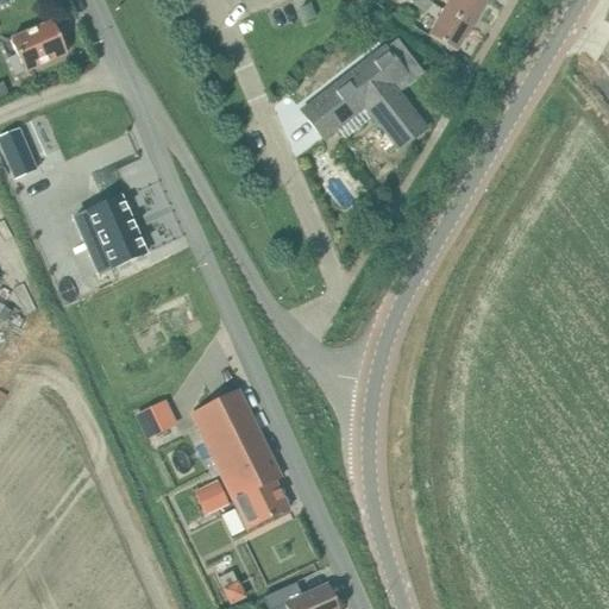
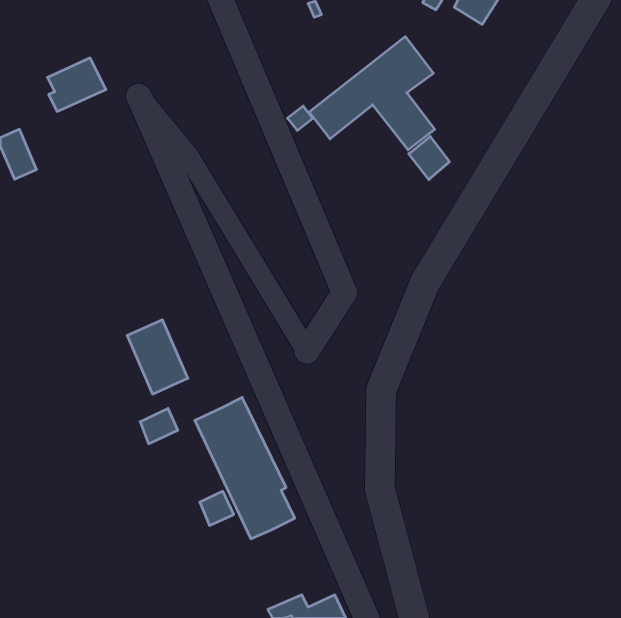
building: [429,7,472,49] -> none
building: [11,19,68,71] -> [47,58,106,111]
building: none -> [409,136,449,180]
building: [87,194,146,266] -> [127,320,188,394]

